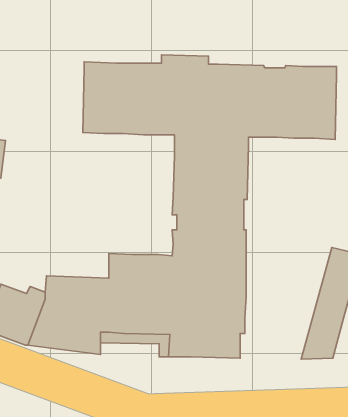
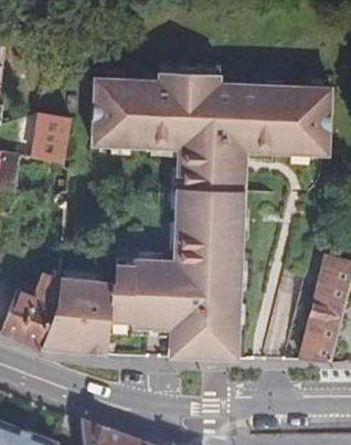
building: none -> [31,112,68,162]

